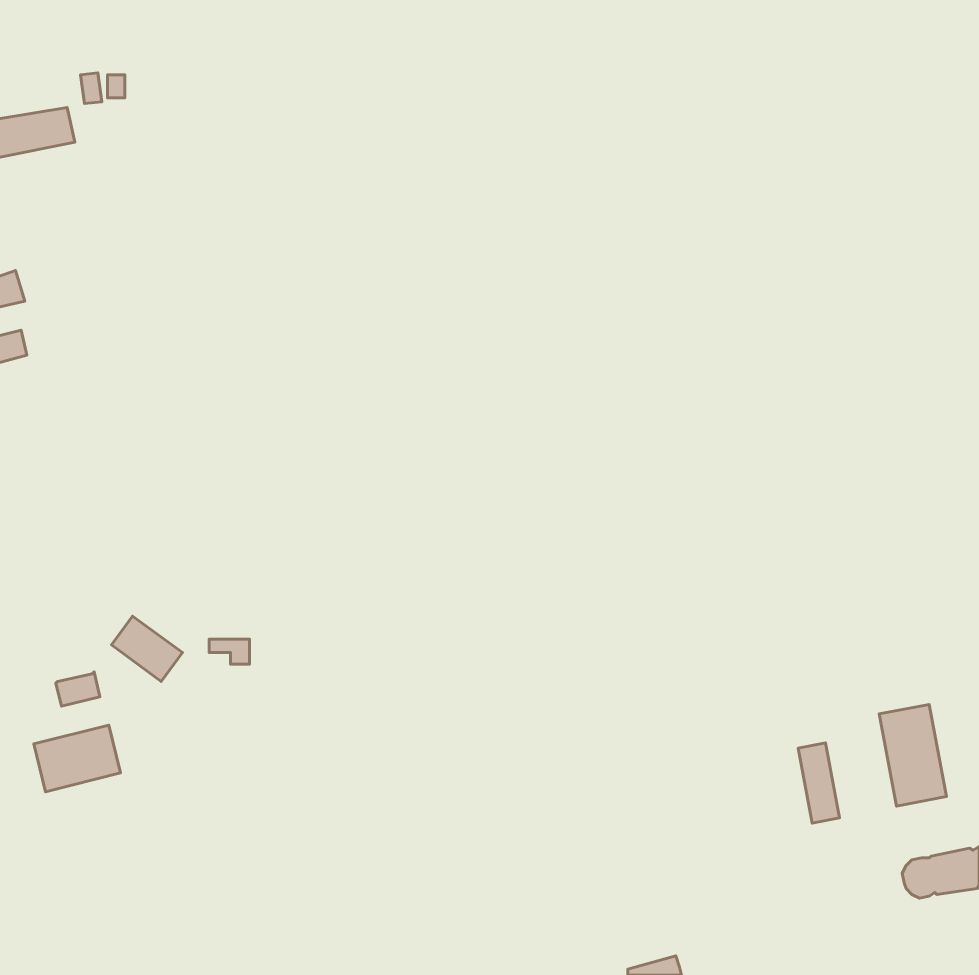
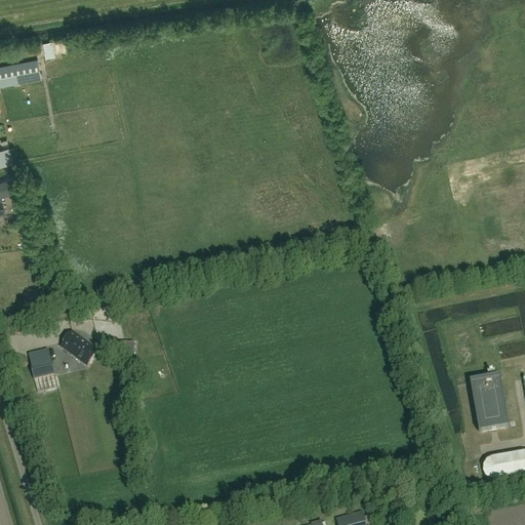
building: [34,725,120,792] -> none
building: [798,743,840,823] -> none

